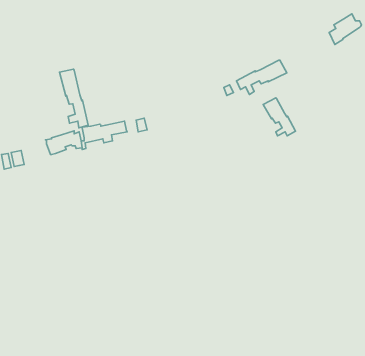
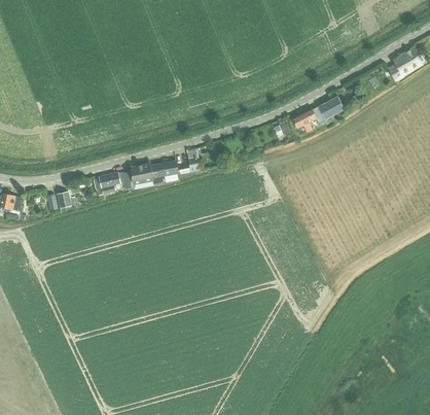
building: [60,69,88,128] -> none
building: [263,98,295,136] -> none

